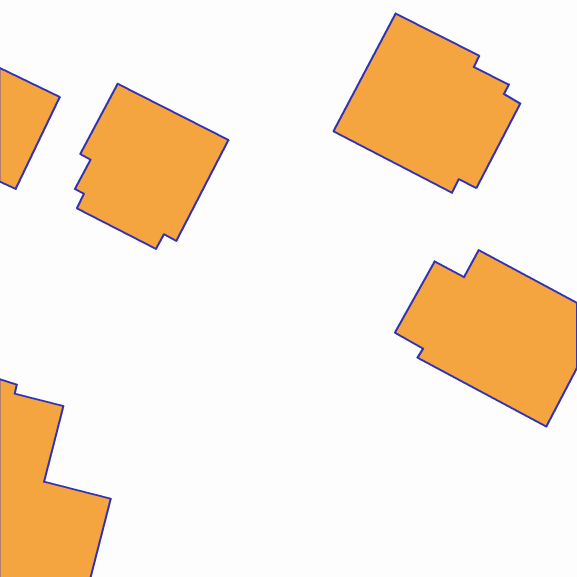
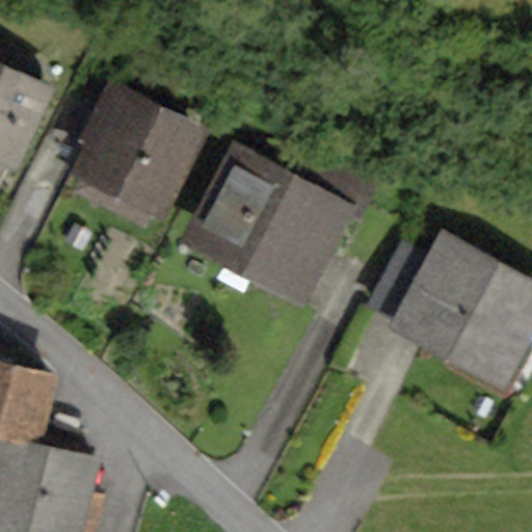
building: [334,13,520,193] -> none
building: none -> [180,132,378,305]

